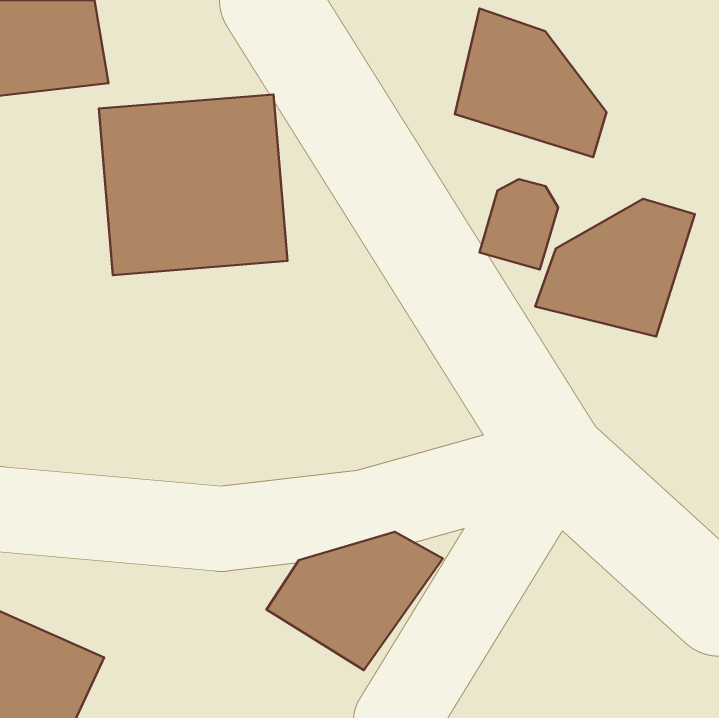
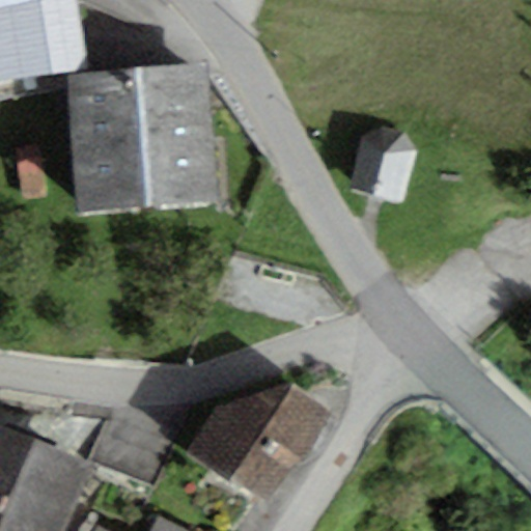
building: [455,8,606,157] -> none
building: [535,199,695,337] -> none

